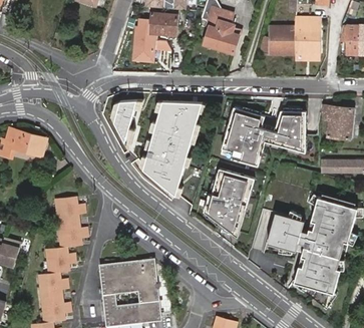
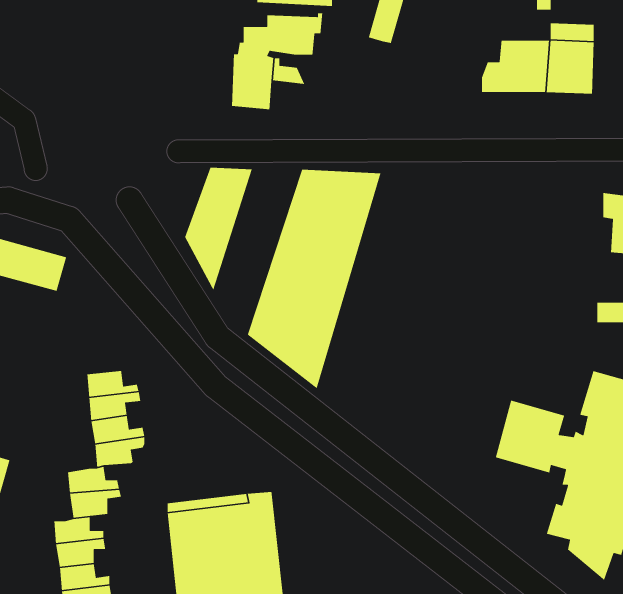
building: [205,23,241,52] -> none
building: [222,105,305,165] -> none
building: [205,167,255,236] -> none

